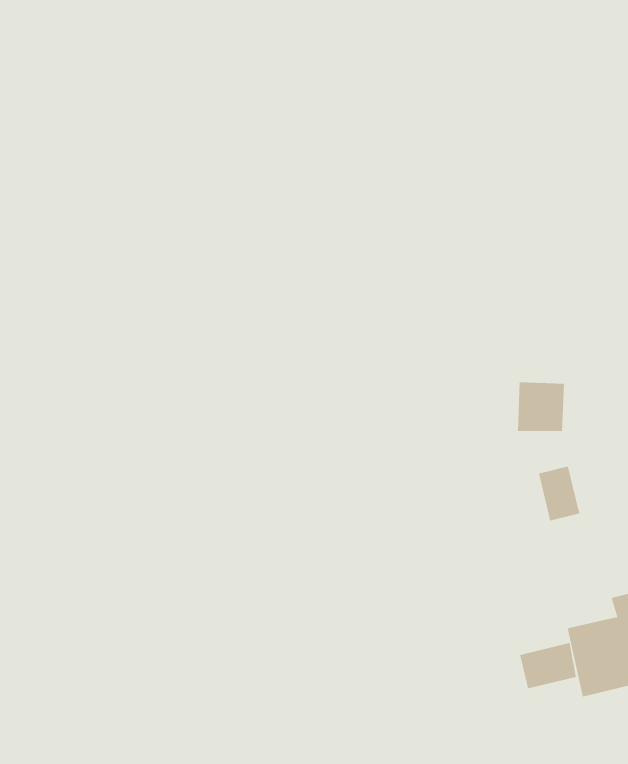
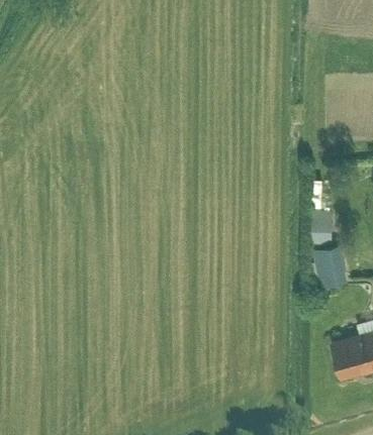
building: [519,642,576,689] -> none

